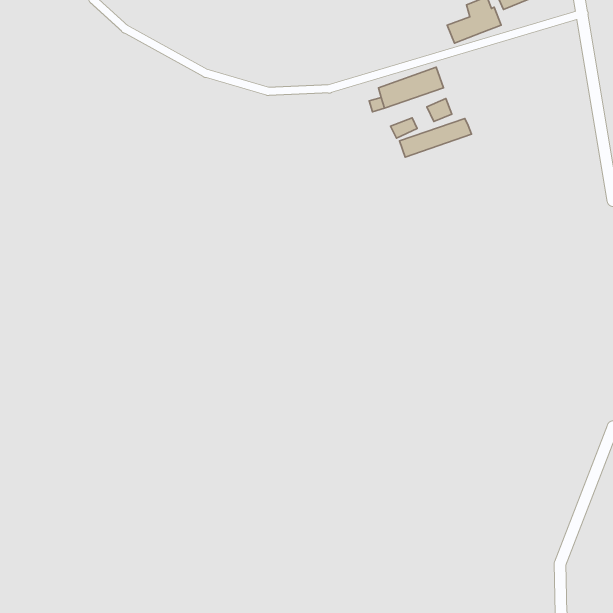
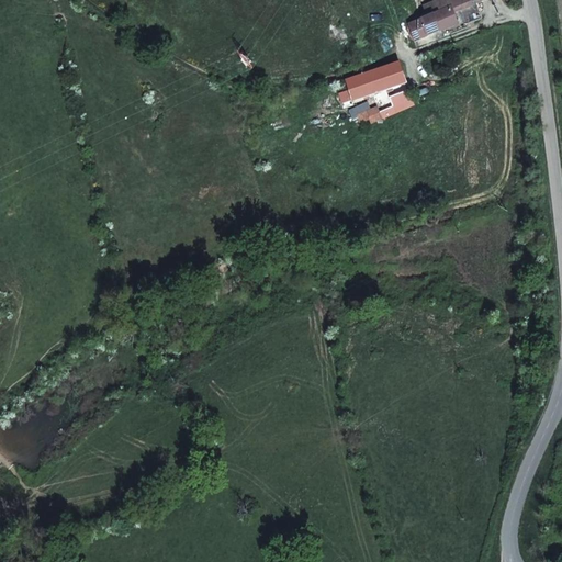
building: [399,118,471,157] -> none

